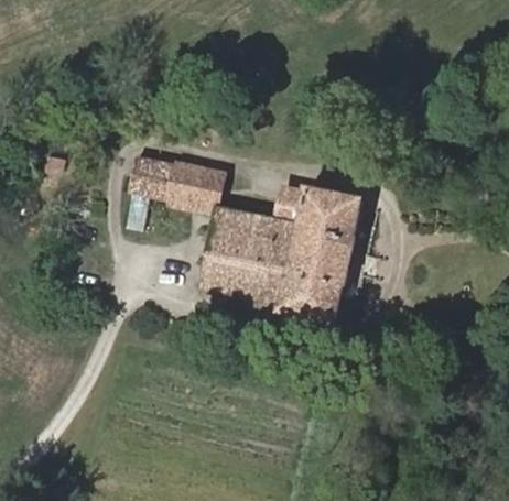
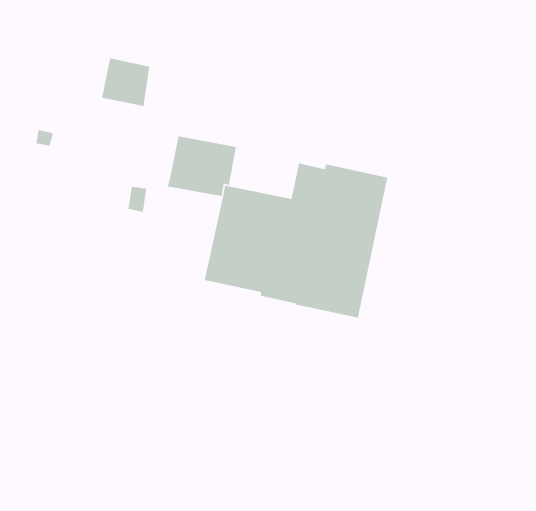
building: [128,154,172,198] -> [101,58,150,107]

